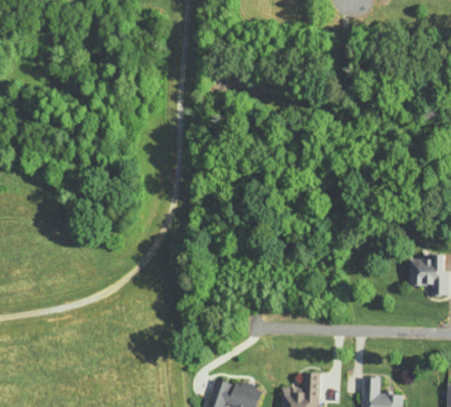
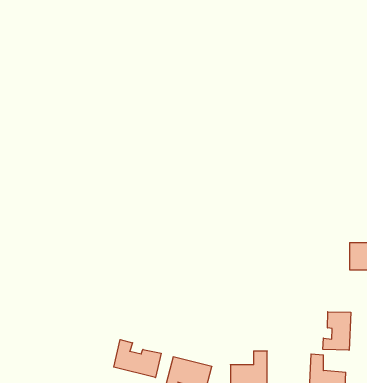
building: none -> [323,312,351,350]
building: none -> [114,340,161,378]

